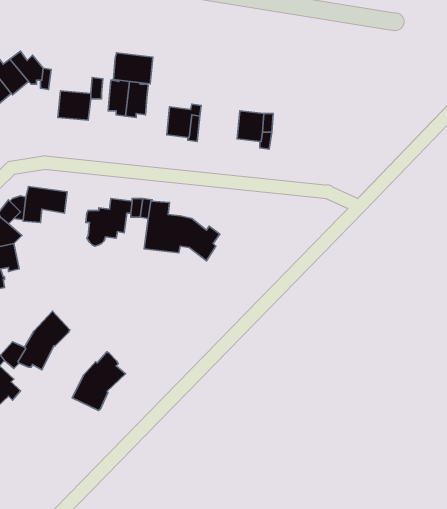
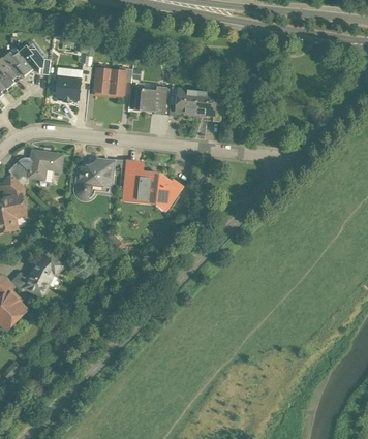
building: [114,53,153,84] -> none
building: none -> [176,89,196,113]
building: [72,352,125,411] -> none

